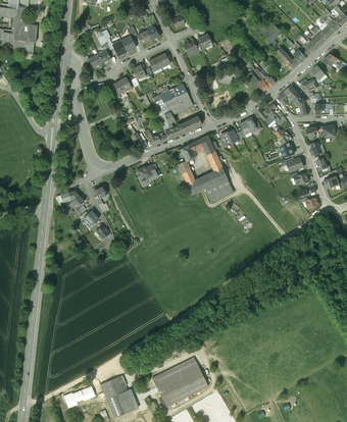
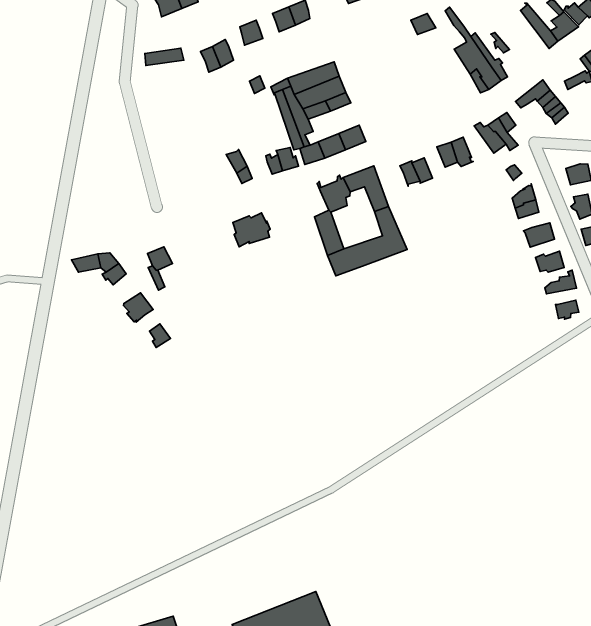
building: [205,177,234,202] -> none

